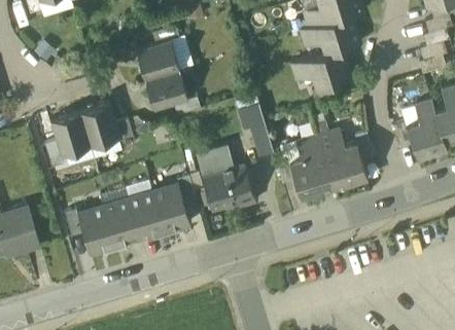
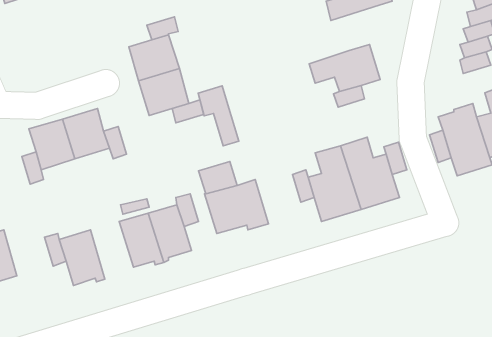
building: [300,14,360,53] -> none
building: [238,105,273,156] -> [198,86,239,146]
building: [103,199,140,249] -> none

